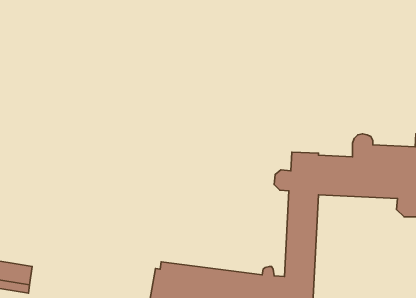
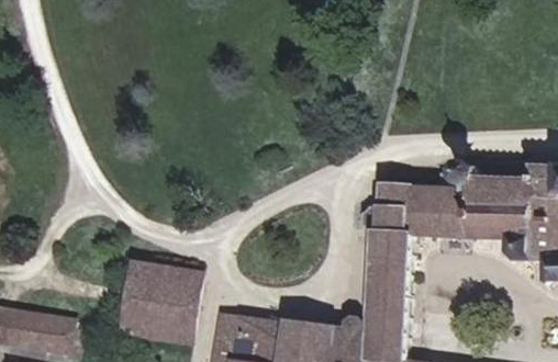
building: none -> [121,263,197,343]

